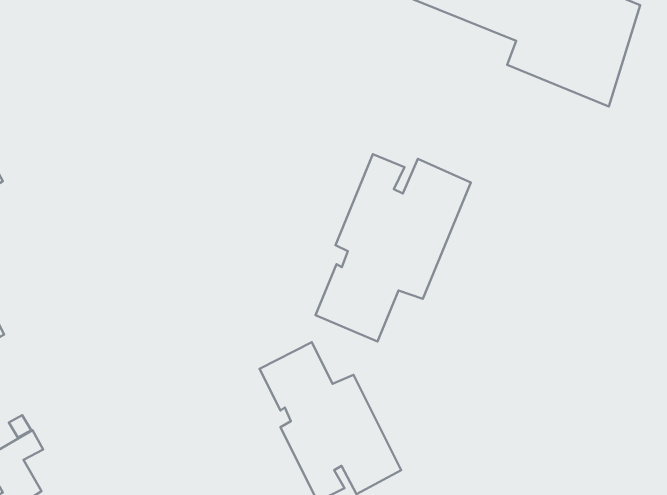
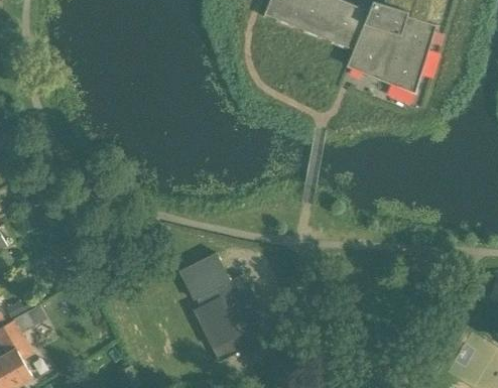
building: [316,154,471,342] -> none

